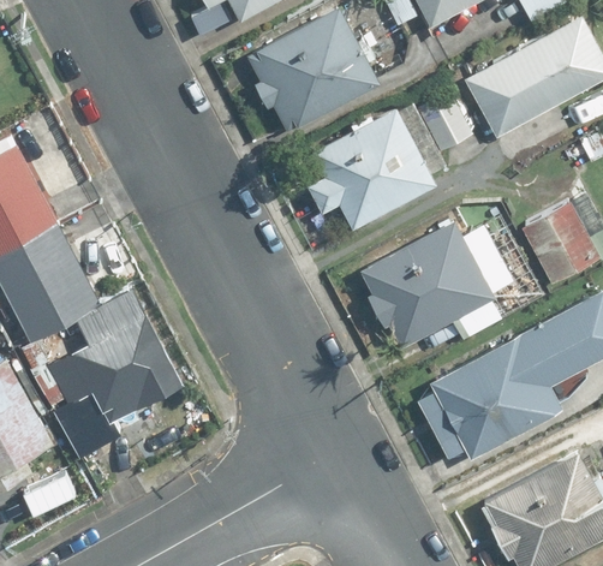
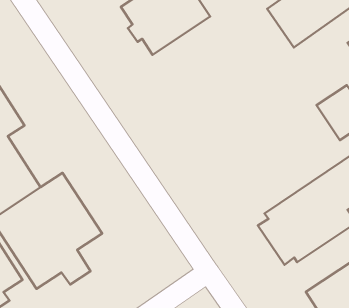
building: [305,90,474,227] -> none
building: [359,216,545,351] -> none

